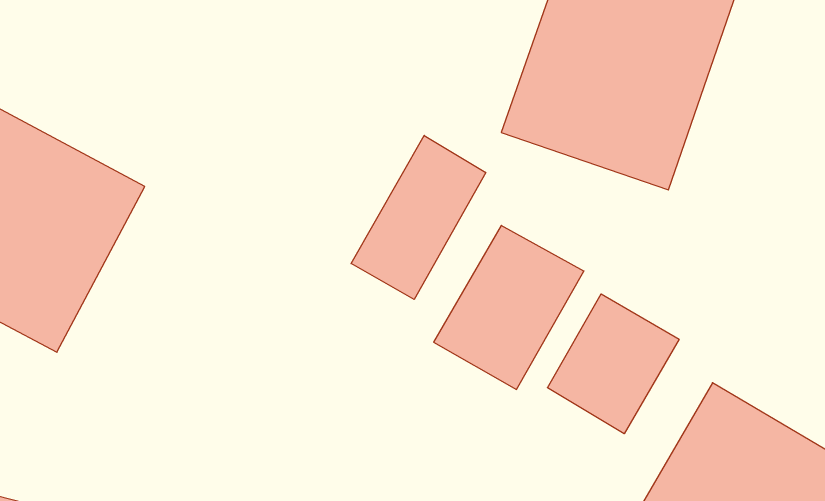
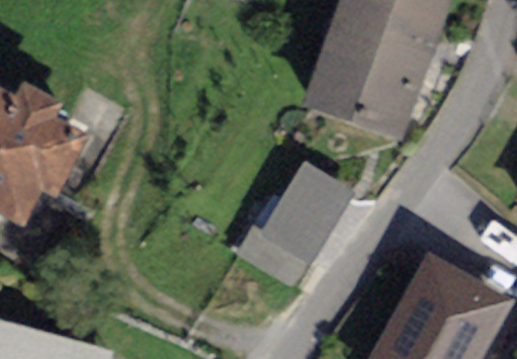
building: [351,135,486,299] -> none
building: [547,294,679,434] -> none

